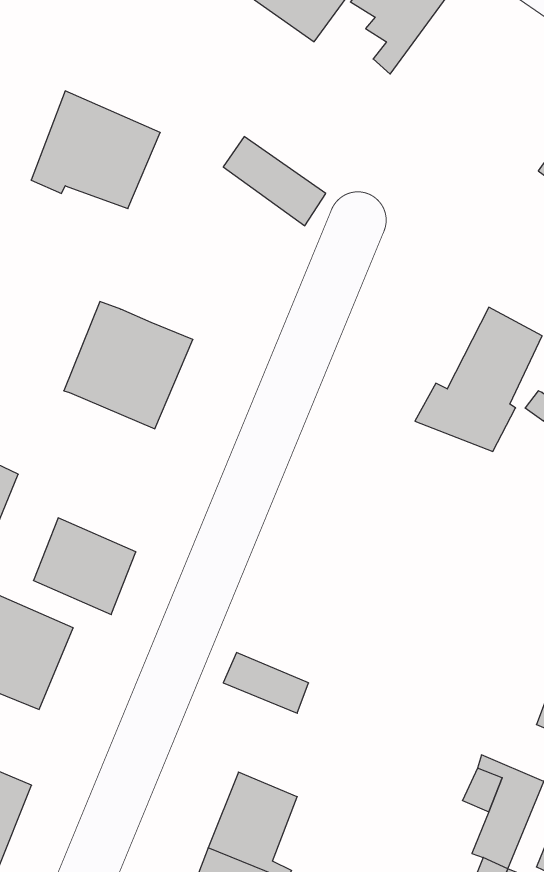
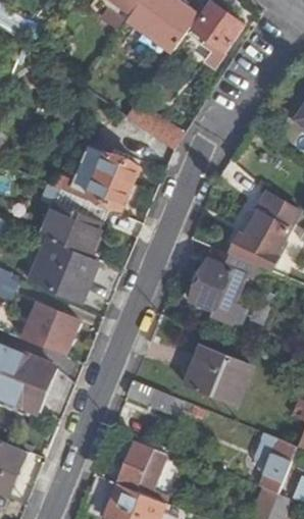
building: [31,91,160,209] -> [70,146,140,209]
building: none -> [24,239,89,300]
building: none -> [191,258,246,316]
building: none -> [183,349,252,408]

